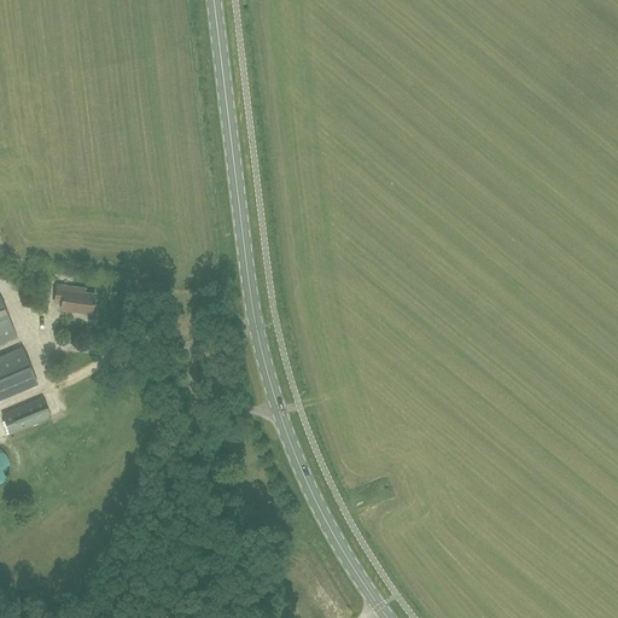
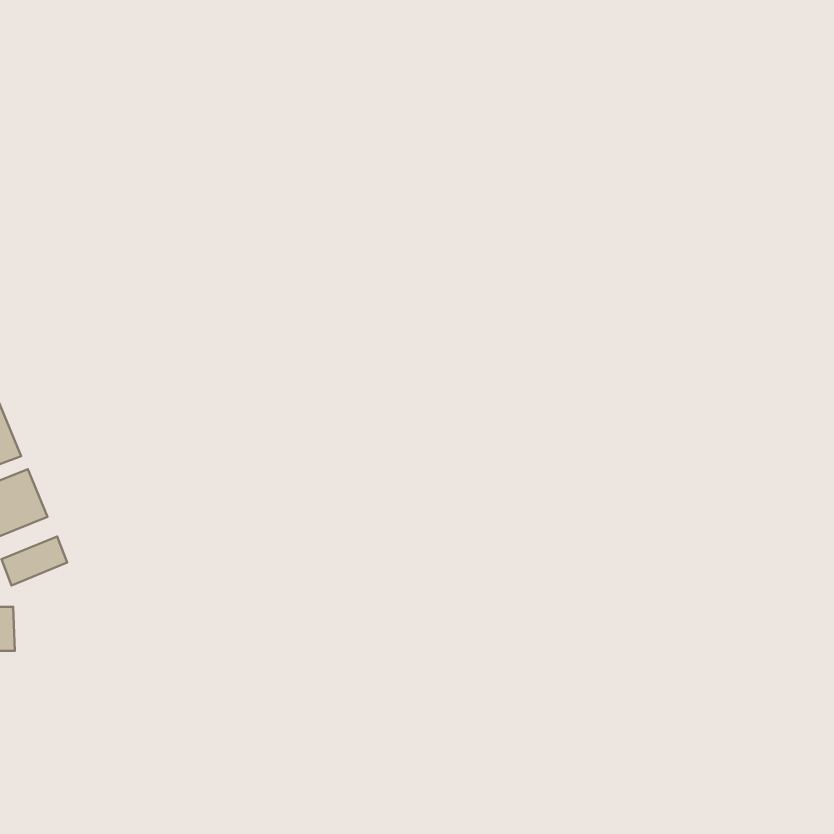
building: [53,284,93,311] -> none

